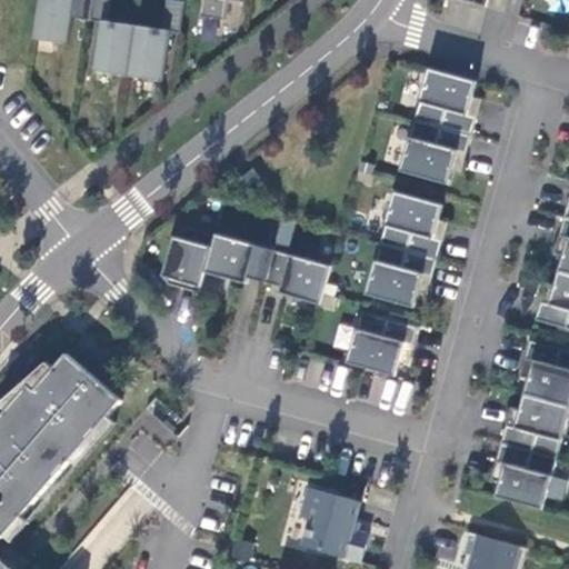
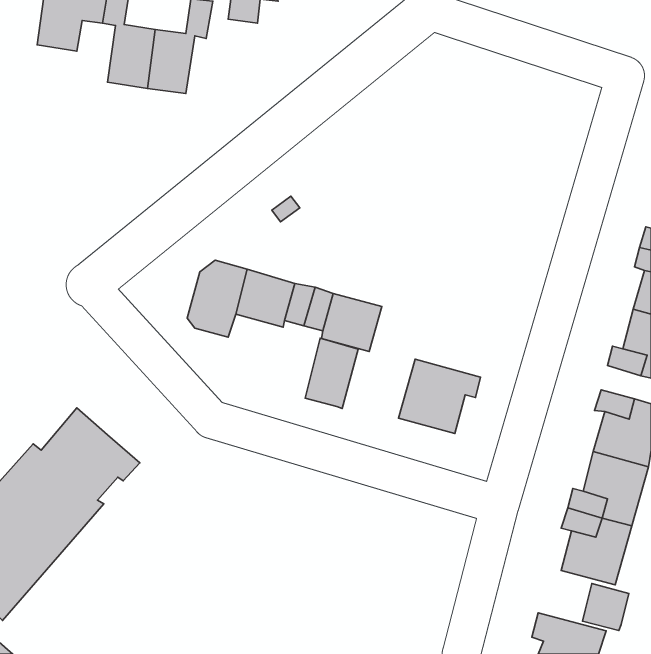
building: [400,68,477,184] -> none
building: [366,191,442,308] -> none
building: none -> [305,338,358,409]
building: [300,487,369,561] -> none
building: none -> [582,584,629,631]

